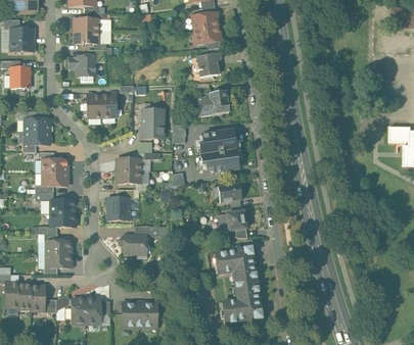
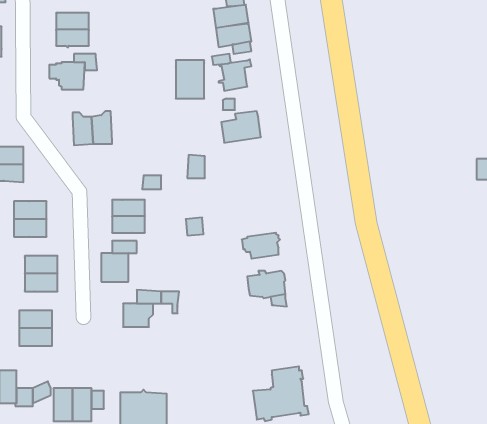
building: [142,109,164,138] -> [176,60,204,99]
building: [198,128,240,175] -> none
building: [215,246,258,286] -> none

